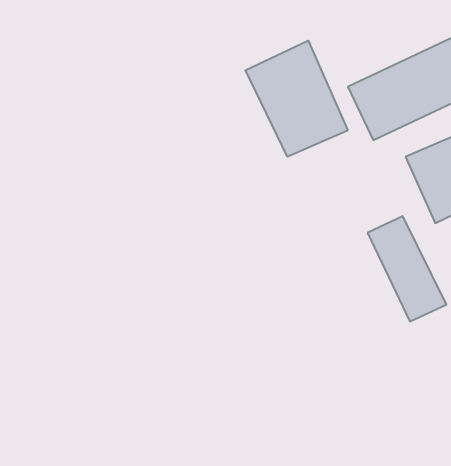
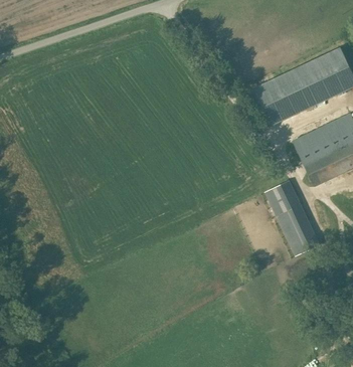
building: [245,41,348,157] -> none

